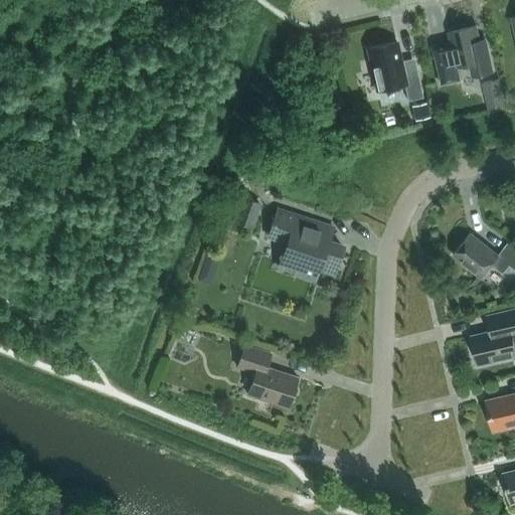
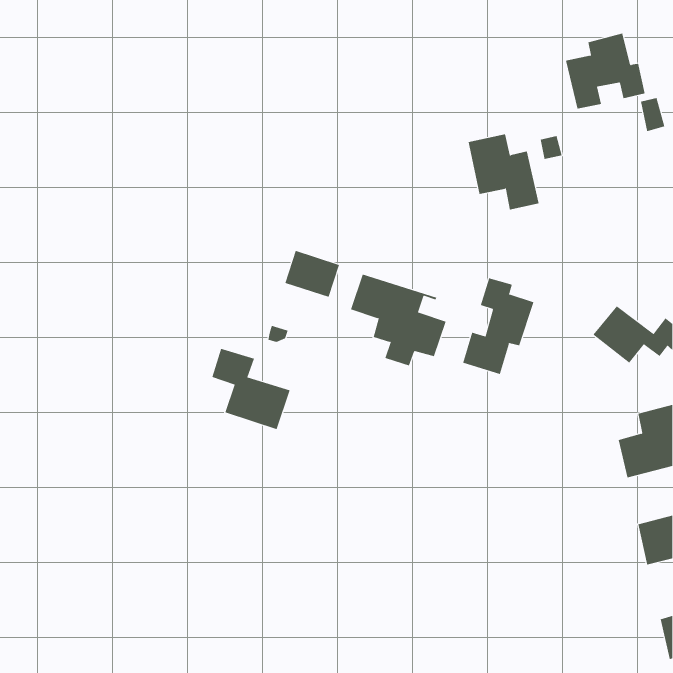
building: [367,42,422,103] -> [467,131,539,210]
building: none -> [463,278,534,375]
building: [237,345,298,407] -> [211,348,290,430]

